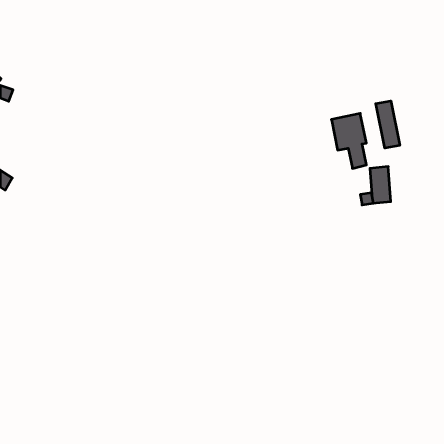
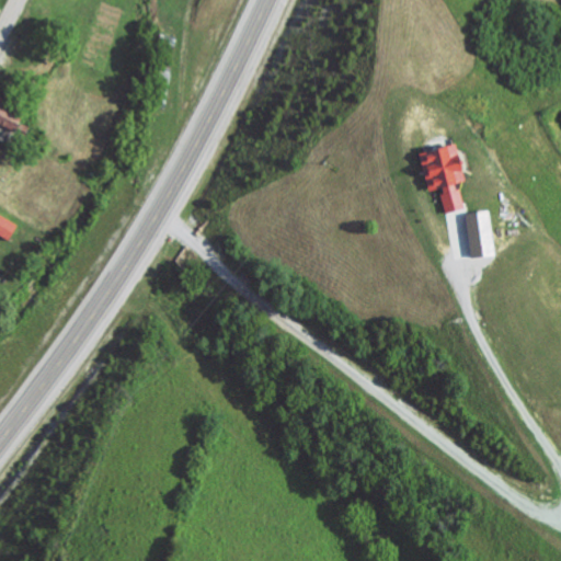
building: [376,101,400,148] -> none

